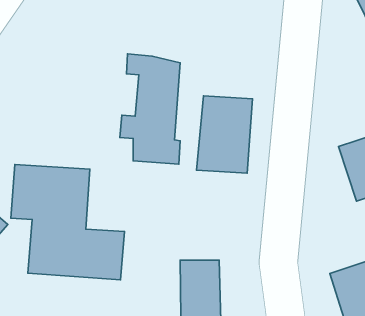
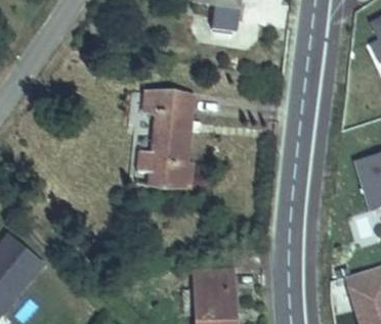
building: [197,96,253,173] -> none
building: [11,165,125,280] -> none

